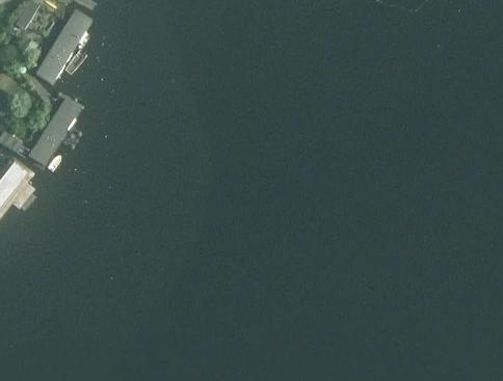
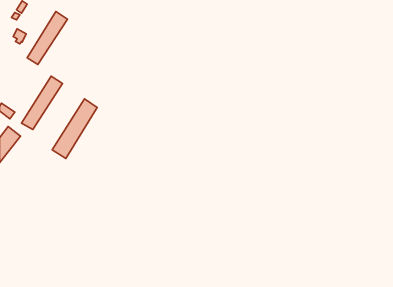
building: none -> [52,99,97,158]

